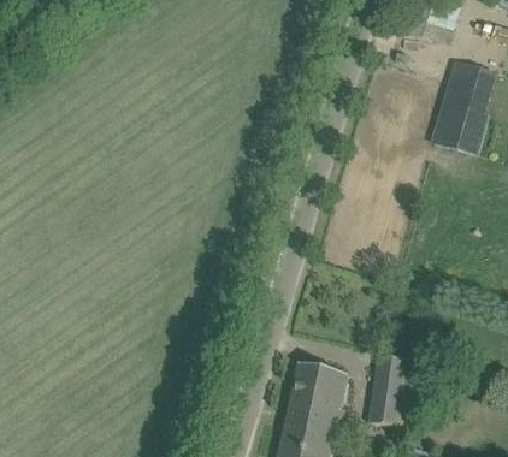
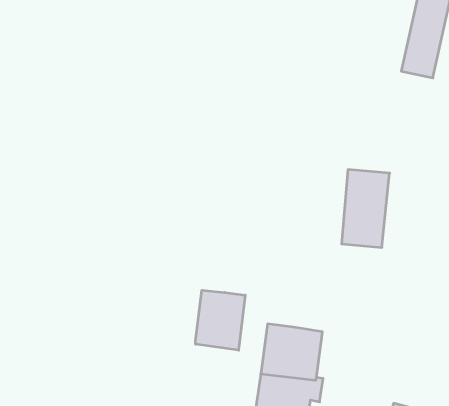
building: none -> [195,290,245,350]
building: [366,352,415,427] -> [342,170,390,247]

